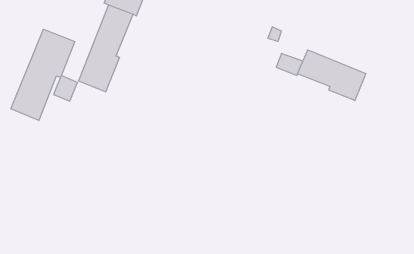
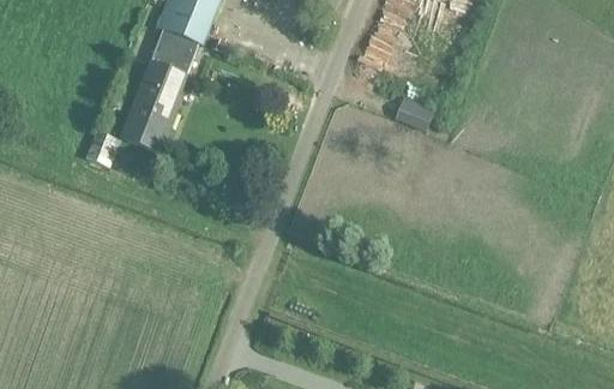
building: [11,29,75,121] -> none
building: [298,50,366,101] -> none

